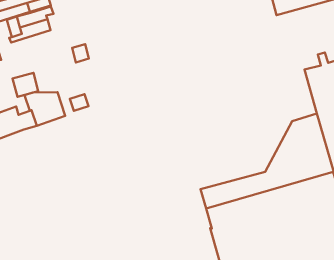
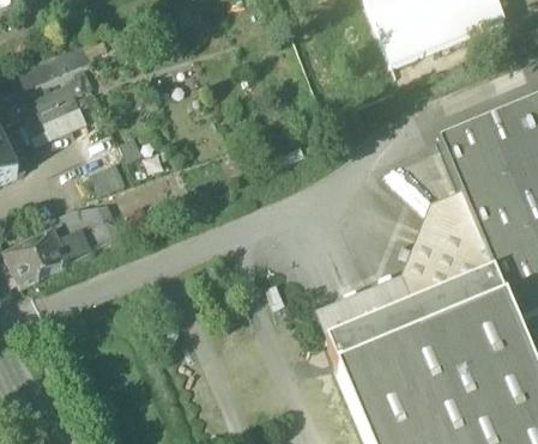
building: [12,73,38,97] -> [90,162,127,196]

